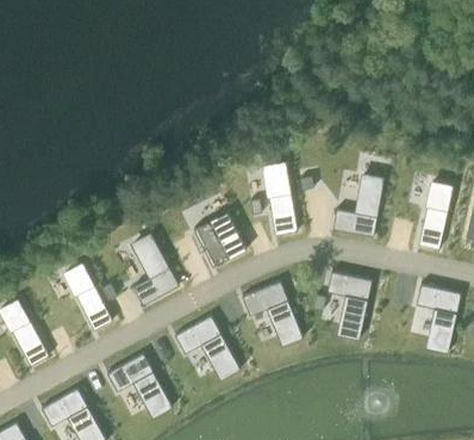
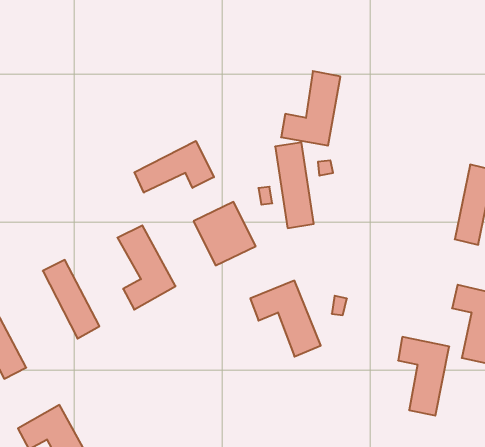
building: none -> [134,141,214,193]
building: [332,172,383,236] -> [281,71,340,146]
building: [326,271,370,339] -> [398,337,449,416]
building: [175,315,239,379] -> none
building: [107,353,173,417] -> none

